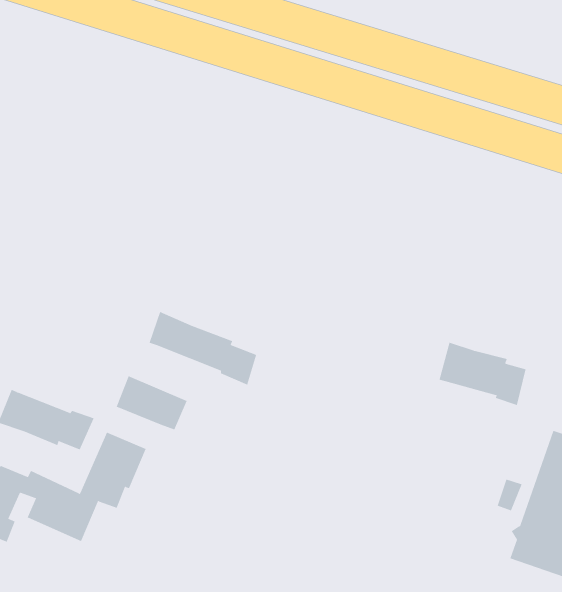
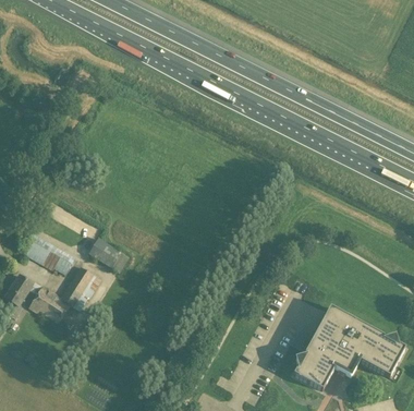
building: [149,311,257,385] -> none
building: [439,342,526,406] -> none

